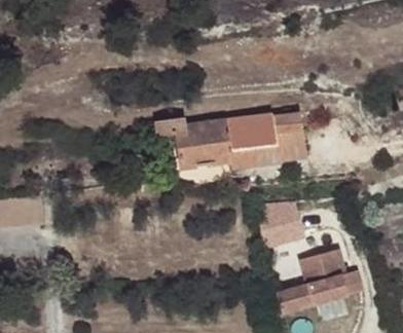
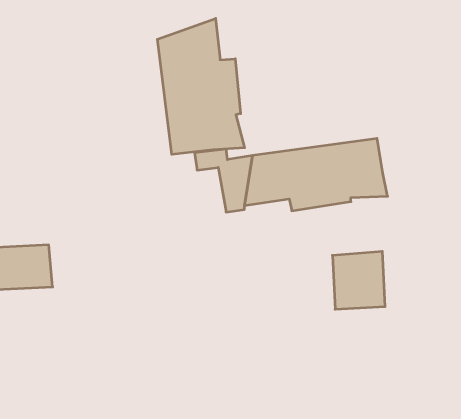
building: none -> [157,18,245,154]
building: [276,257,345,307] -> none

